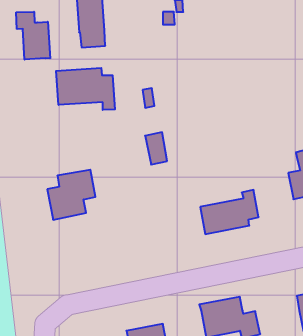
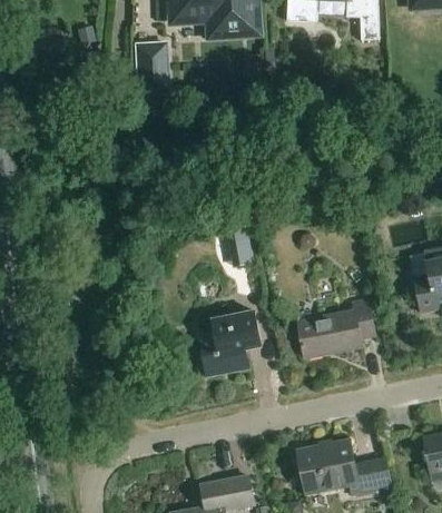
building: [16,12,50,60] -> none
building: [56,68,115,110] -> none
building: [47,170,95,220] -> [198,310,262,376]

